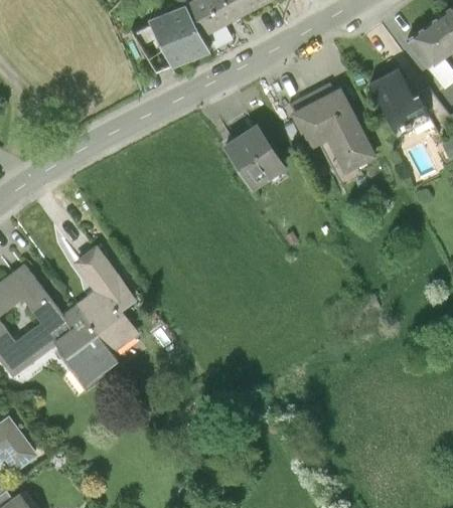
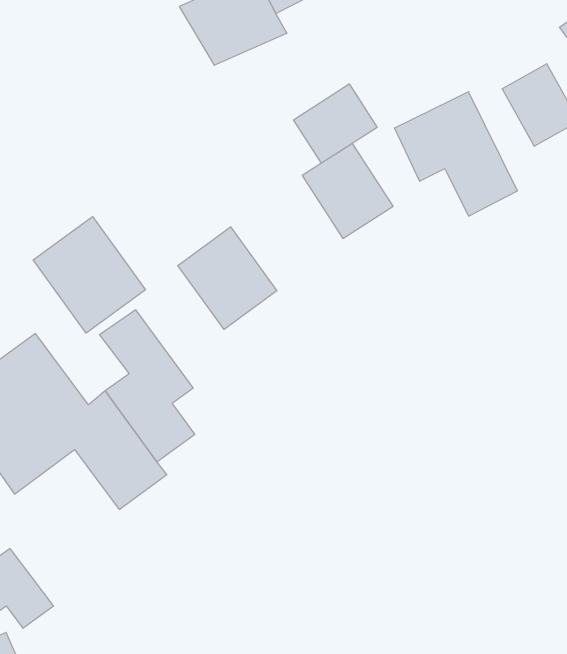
building: none -> [293,84,377,163]
building: none -> [33,217,145,333]
building: none -> [178,227,277,329]

